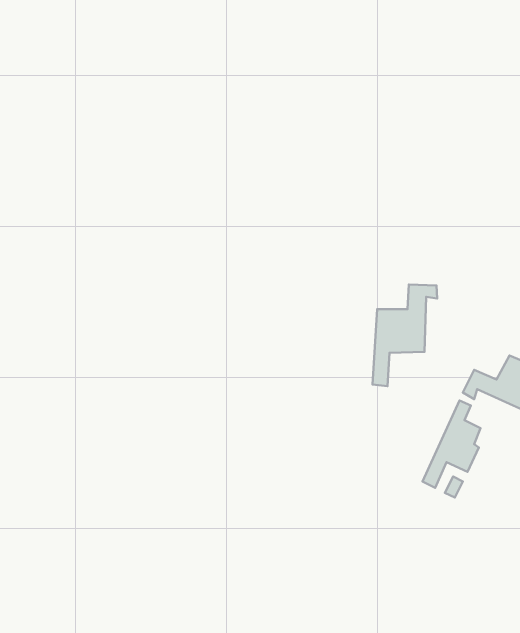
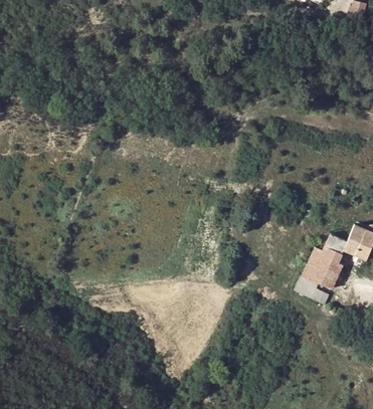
building: [373,285,437,386] -> none

